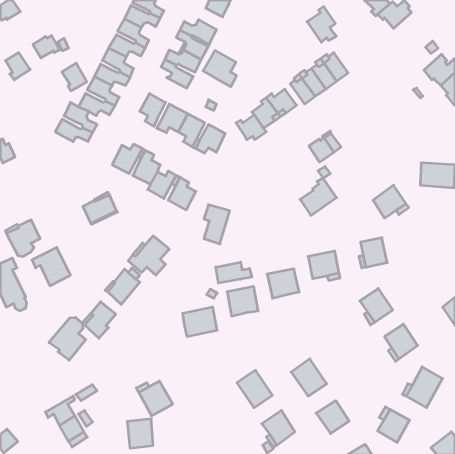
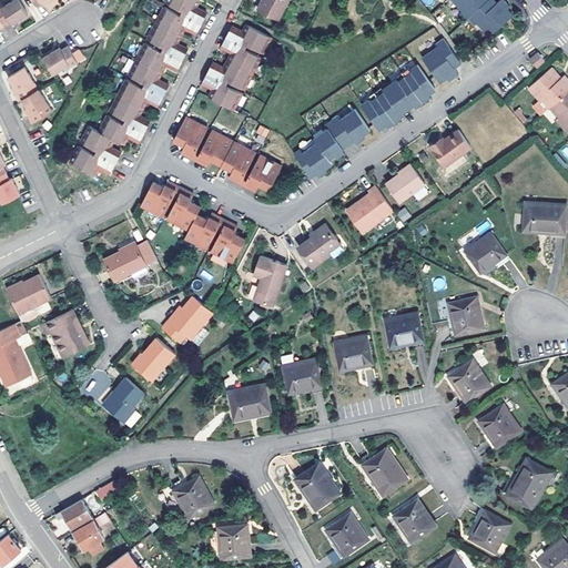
building: [307,7,336,42] -> [422,41,458,85]
building: [203,51,236,87] -> none
building: [62,63,87,91] -> [20,88,51,122]
building: none -> [430,131,474,169]
building: [300,178,337,215] -> [348,187,394,234]
building: none -> [295,226,337,268]
building: [216,262,252,283] -> none
building: [49,317,86,360] -> none
building: [127,419,153,448] -> [217,524,250,560]

